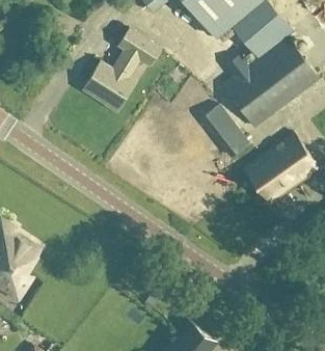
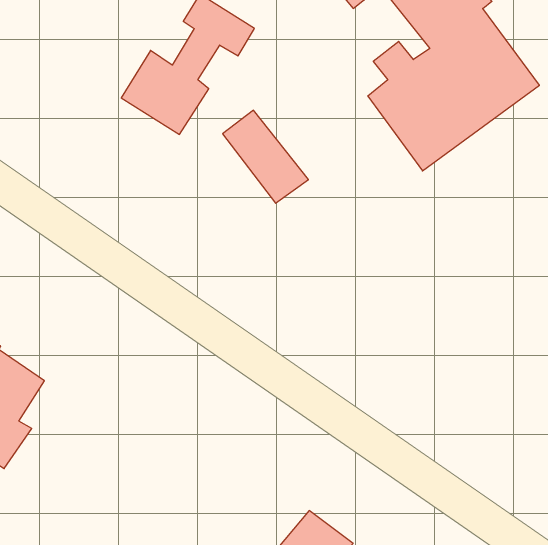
building: [199,107,248,160] -> [223,110,308,203]
building: [242,132,318,204] -> none

